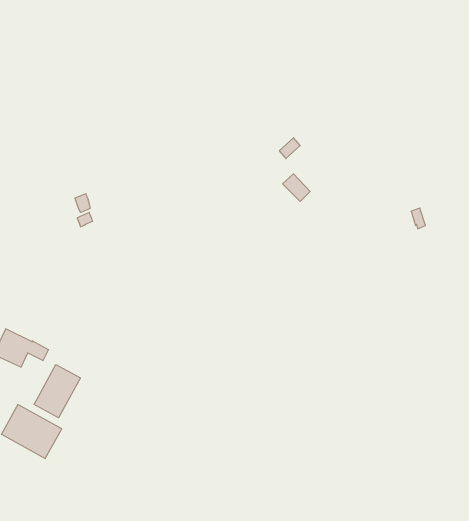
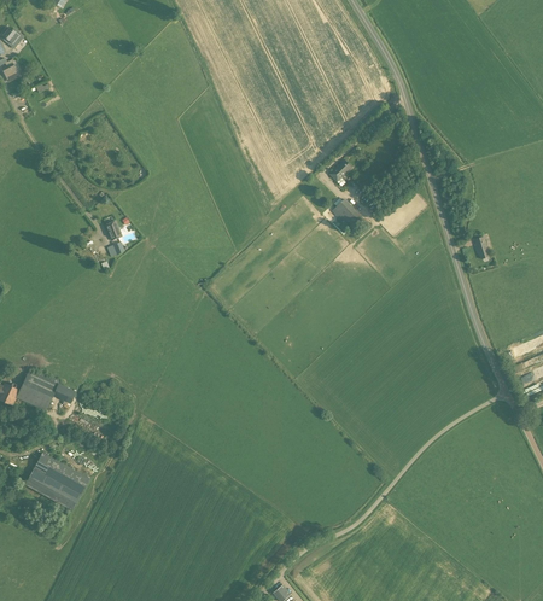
building: [34,365,80,418] -> none

